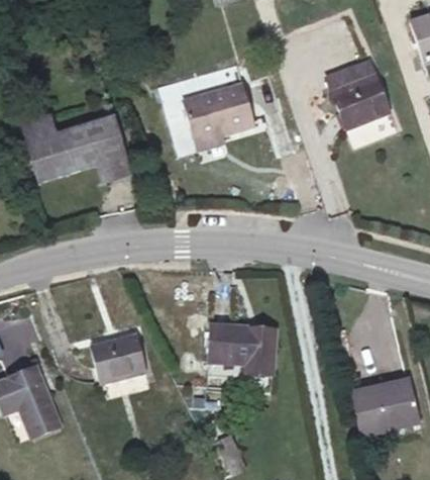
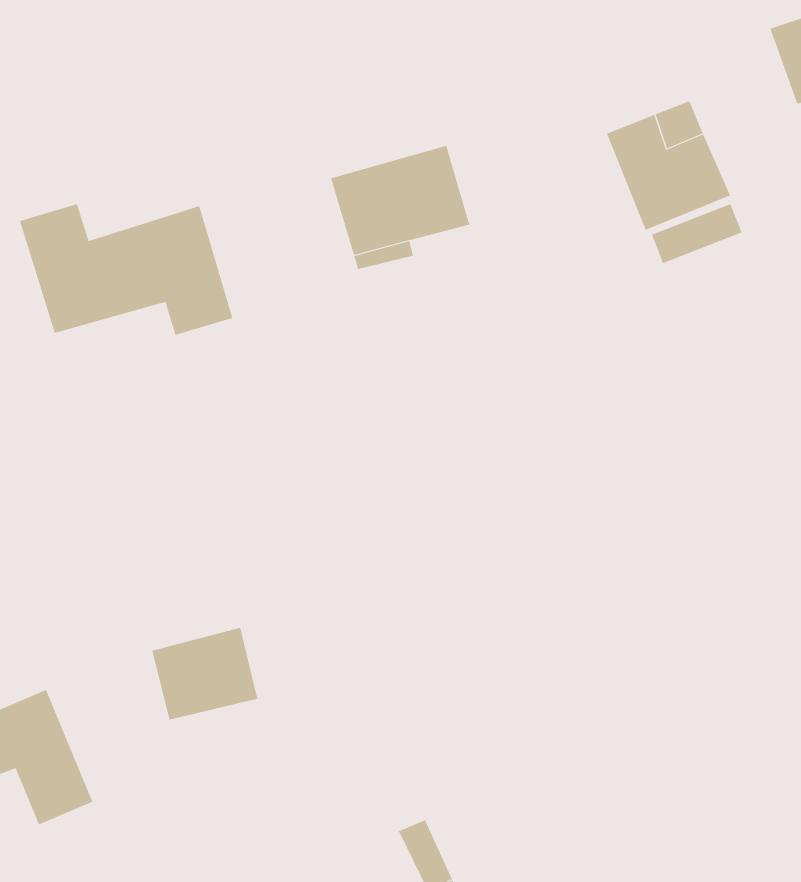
building: [210,324,275,373] -> none
building: [350,375,420,437] -> none

